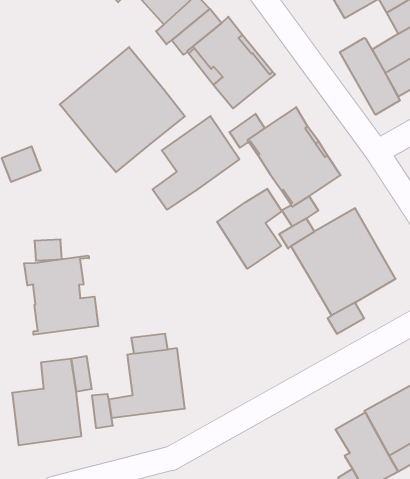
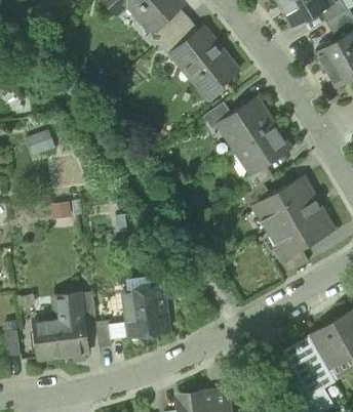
building: [340,38,400,115] -> none
building: [60,47,185,172] -> none
building: [153,116,239,210] -> none
building: [217,189,282,269] -> none
building: [24,256,98,335] -> none

